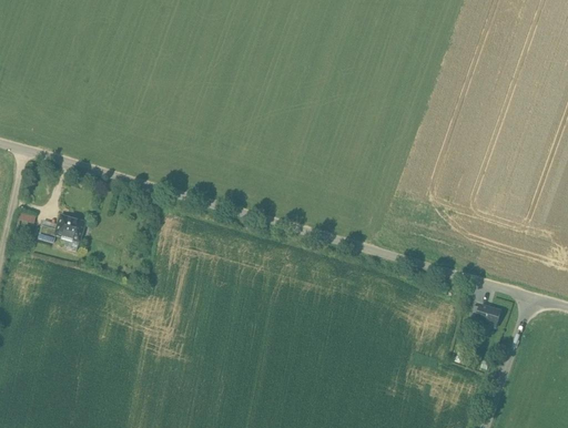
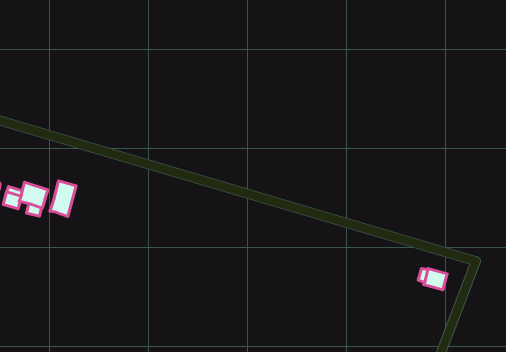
building: none -> [50,181,76,217]

